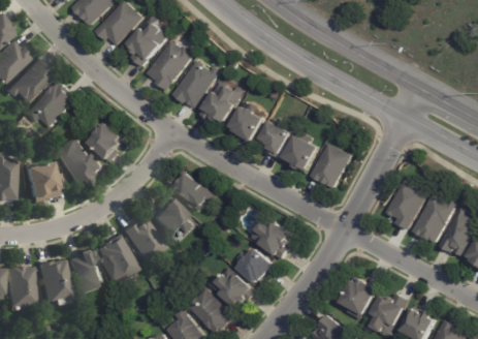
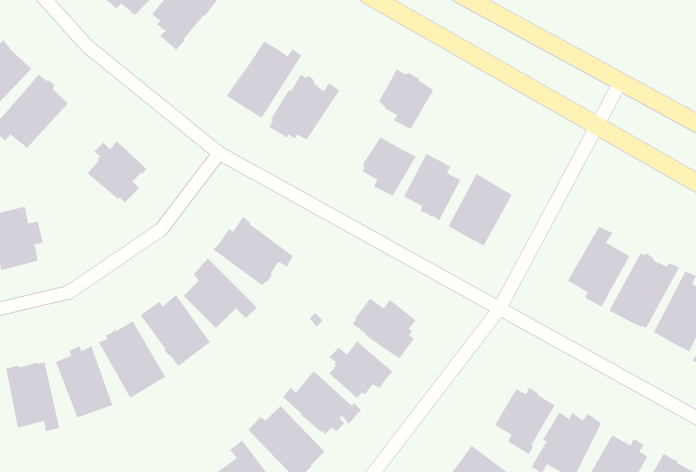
building: [146,39,193,91] -> none
building: [228,105,263,144] -> [378,69,434,130]
building: [51,137,99,184] -> none

